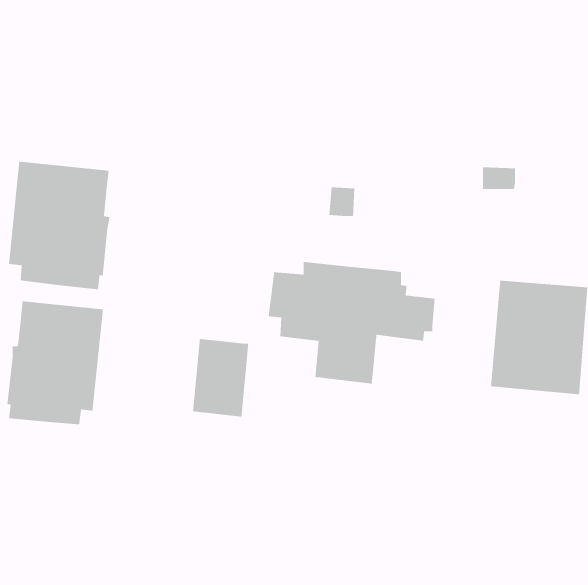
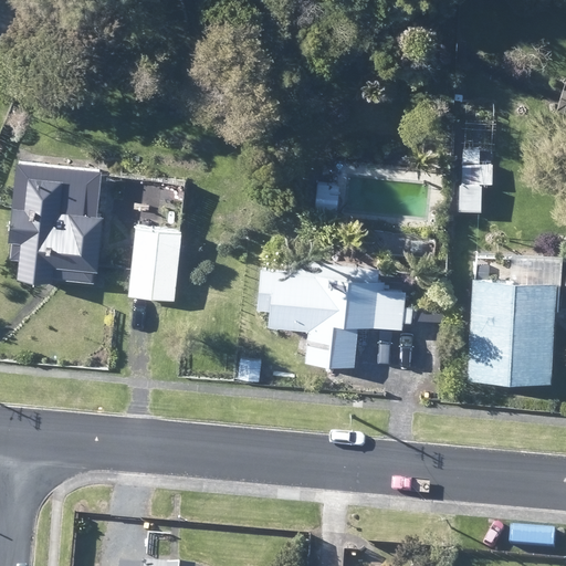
building: [7,300,104,425] -> none
building: [192,338,249,418] -> [126,229,180,304]

